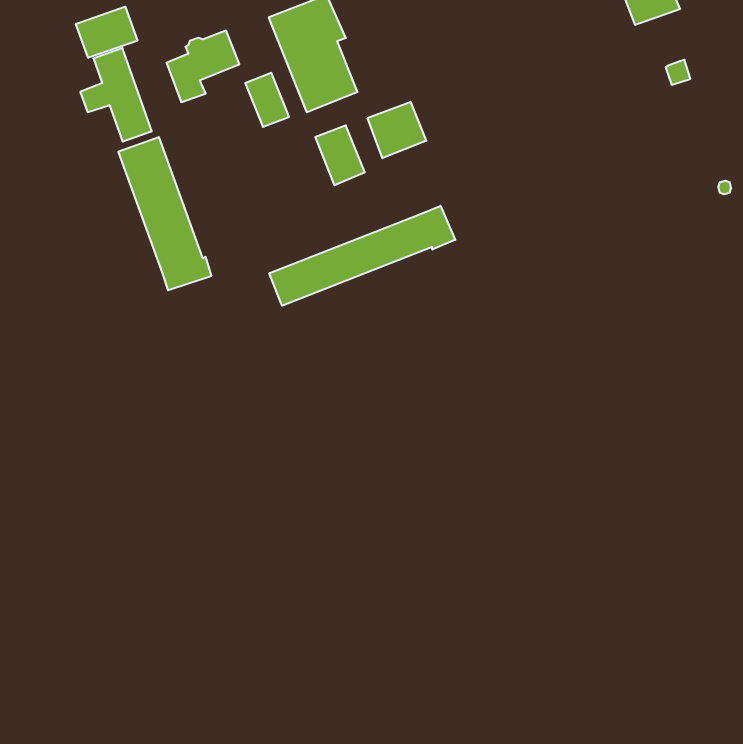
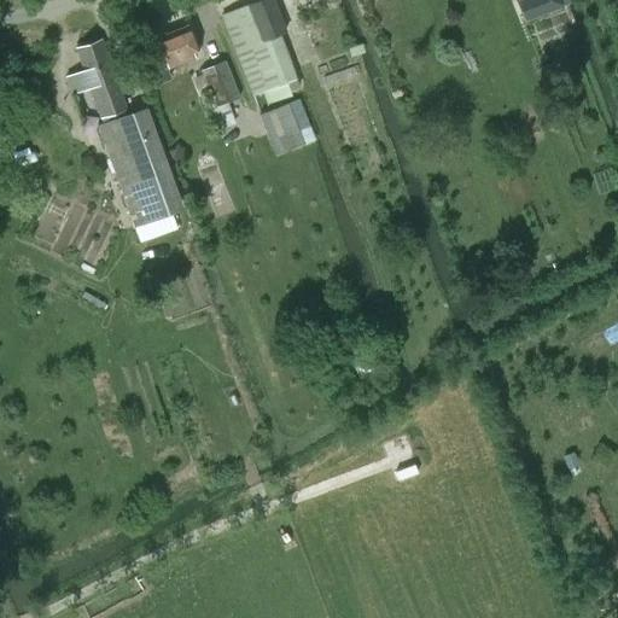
building: [76,7,137,58] -> none
building: [368,102,426,158] -> none
building: [269,206,455,306] -> none

